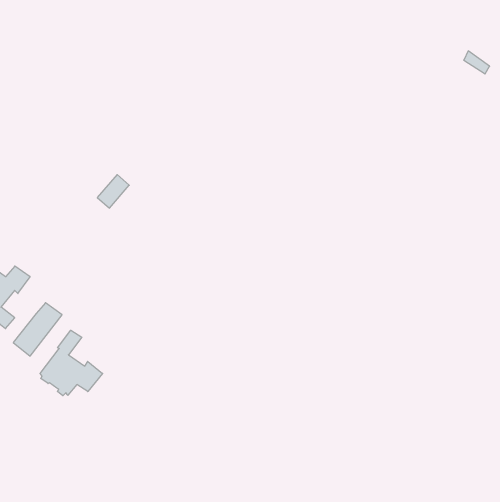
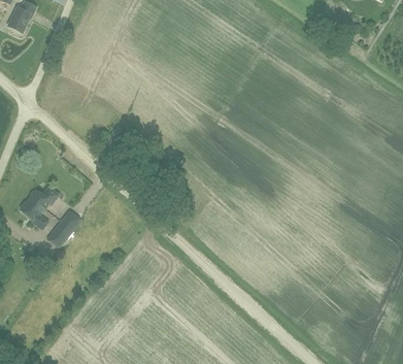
building: [40,330,103,396] -> none

